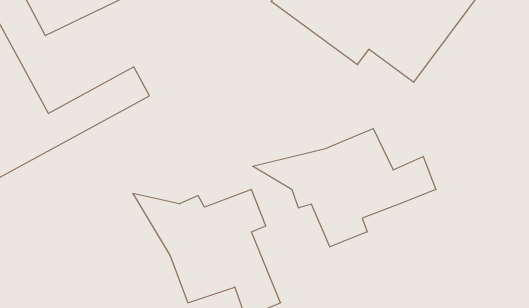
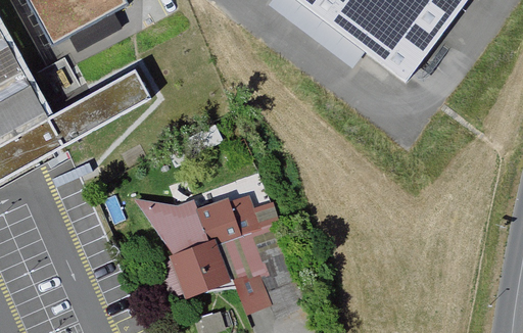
building: [253,129,436,247] -> none

